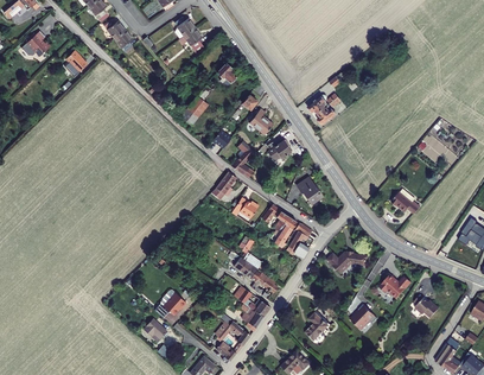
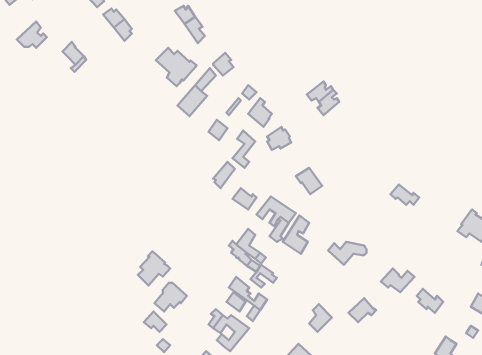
building: none -> [156,48,196,86]
building: none -> [138,251,170,285]

